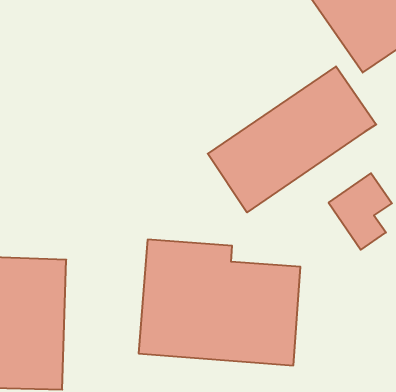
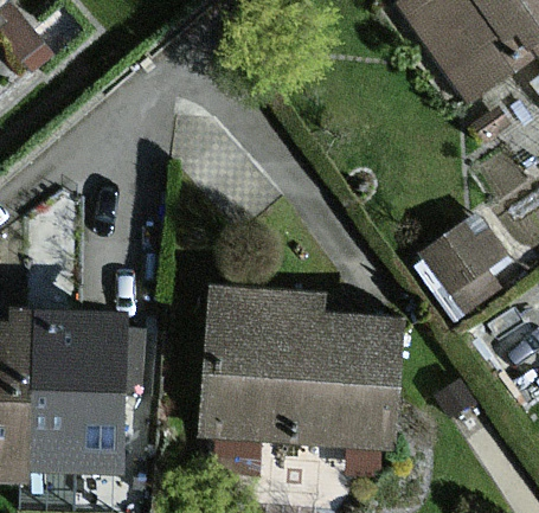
building: [208,66,376,212] -> none

